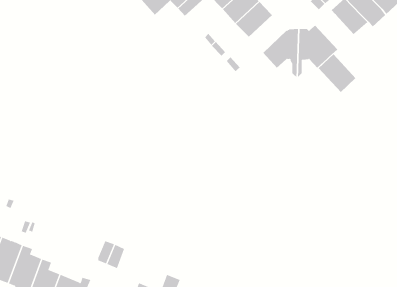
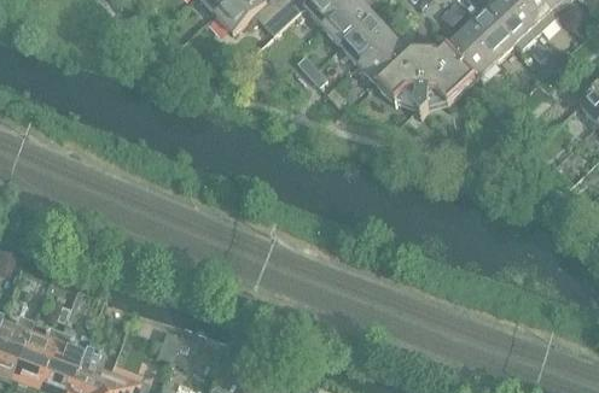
building: none -> [357,30,407,81]
building: [318,54,356,93] -> [446,24,496,76]

